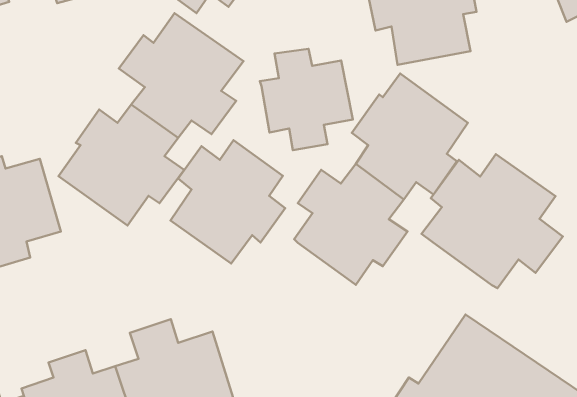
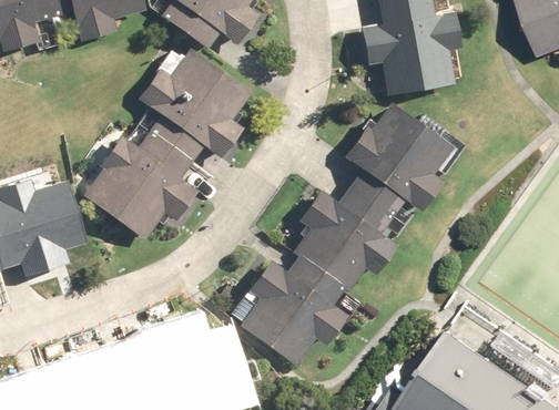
building: [260,49,353,150] -> none
building: [171,140,285,264] -> [243,255,346,366]
building: [422,154,563,288] -> none

